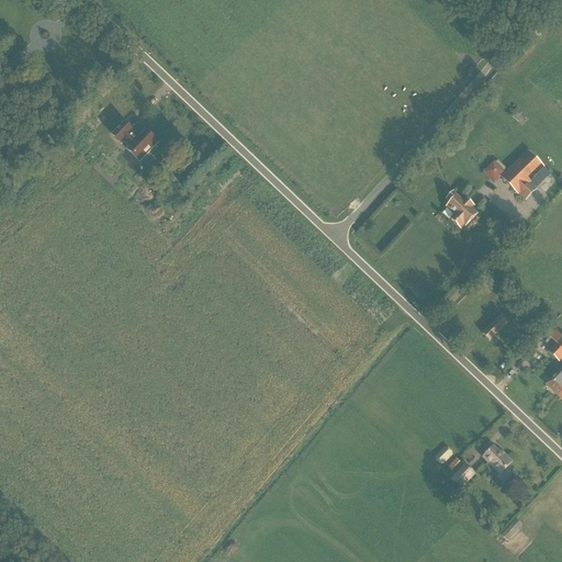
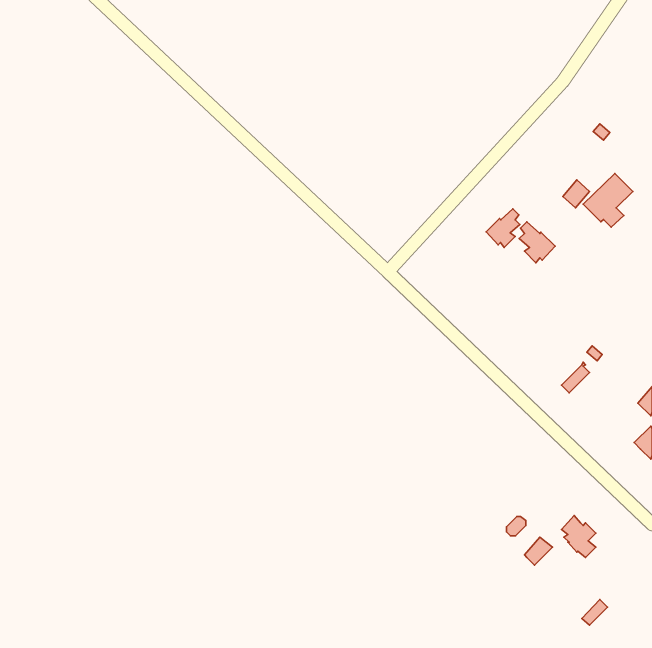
building: [112,120,158,159] -> none
building: none -> [486,209,520,247]

